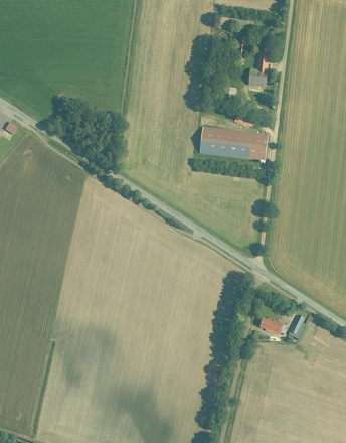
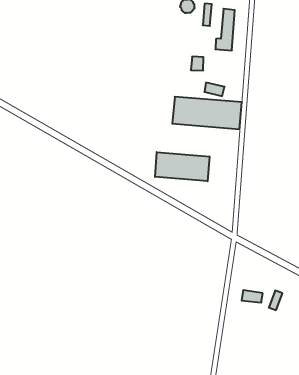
building: none -> [155,152,209,181]

